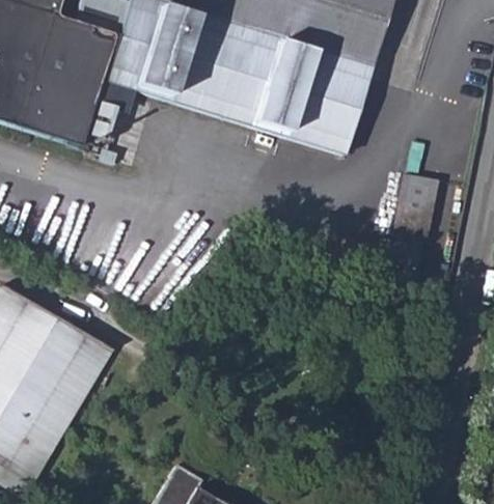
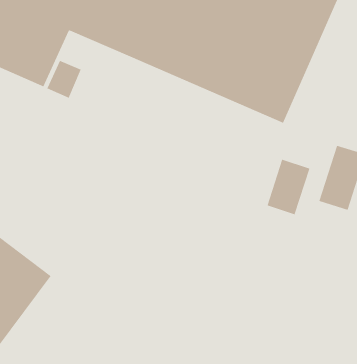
building: none -> [267,159,310,215]

